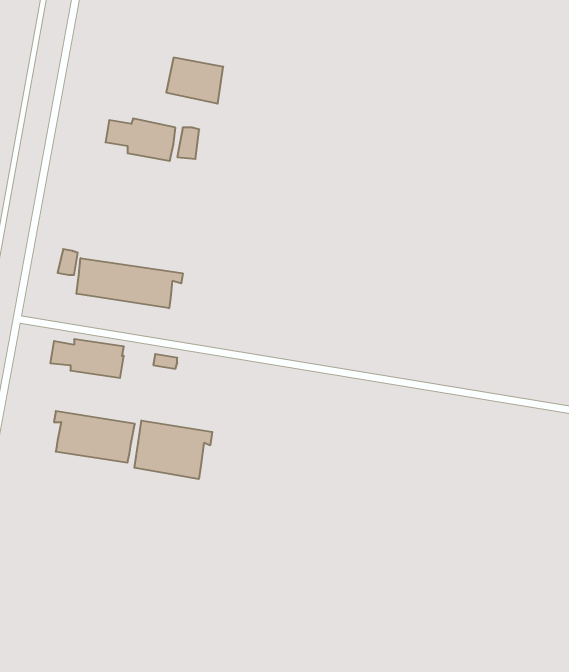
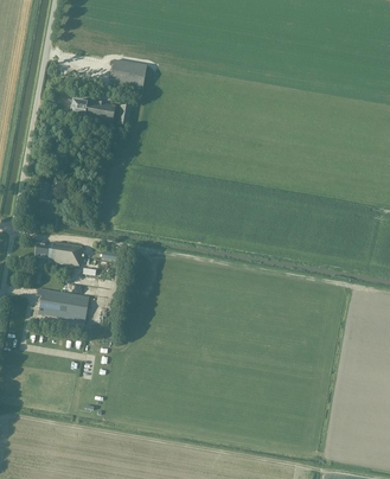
building: [77,258,183,308] -> none
building: [135,420,212,479] -> none

